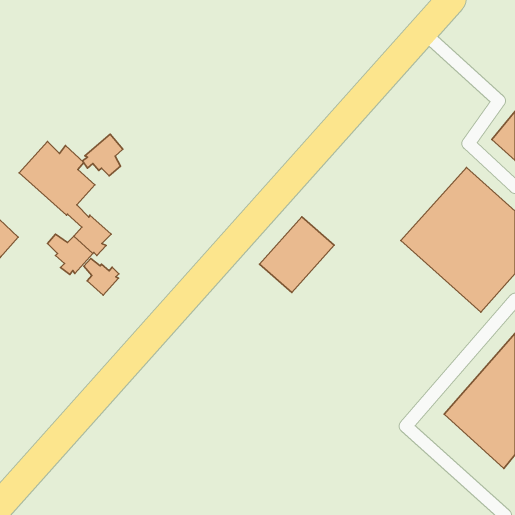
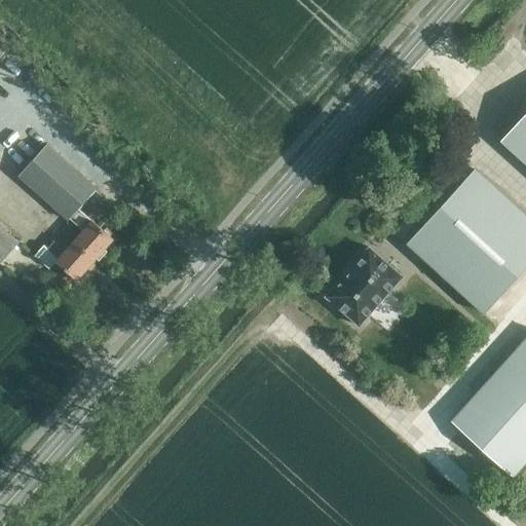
building: [83,134,123,176] -> none
building: [259,217,334,292] -> [325,247,401,324]
building: [84,258,119,295] -> none

